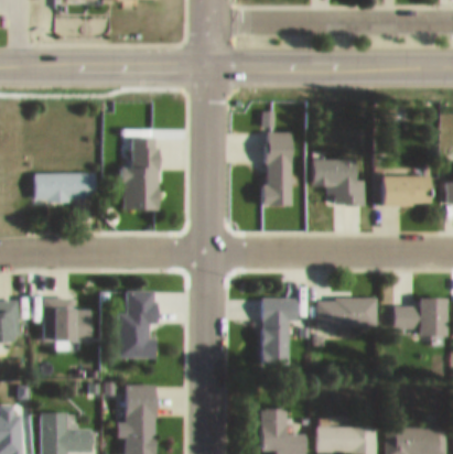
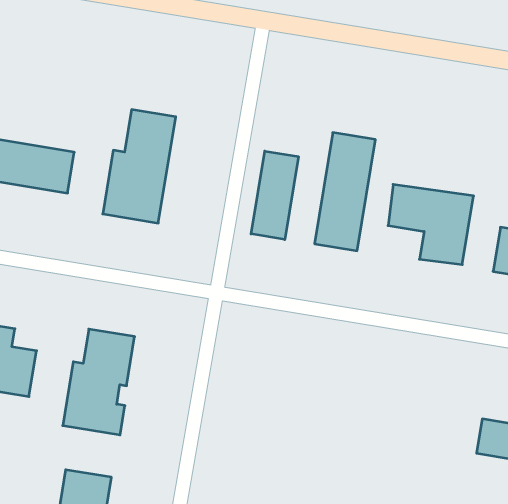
building: none -> [251,151,298,240]
building: [260,298,296,367] -> none
building: [315,298,377,326] -> none

